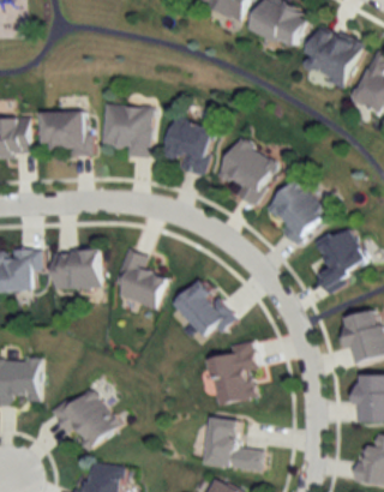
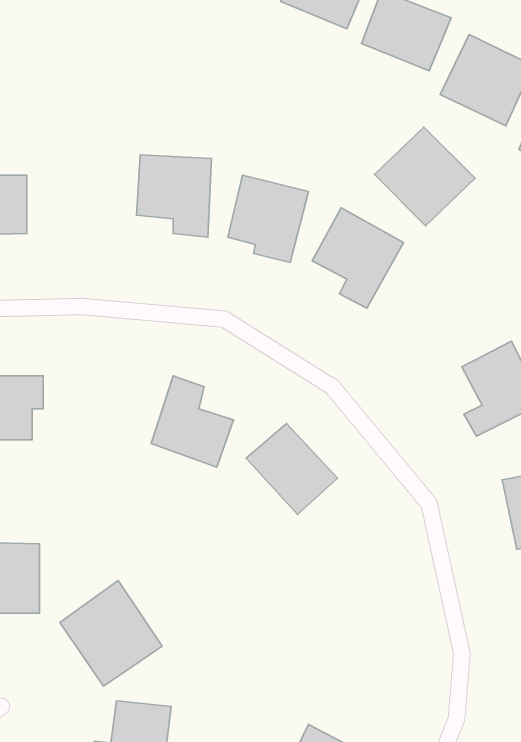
building: [41,112,89,155] -> none
building: [263,178,329,242] -> [374,127,475,226]
building: [52,251,98,289] -> none
building: [206,346,259,404] -> none
building: [204,418,263,472] -> none

